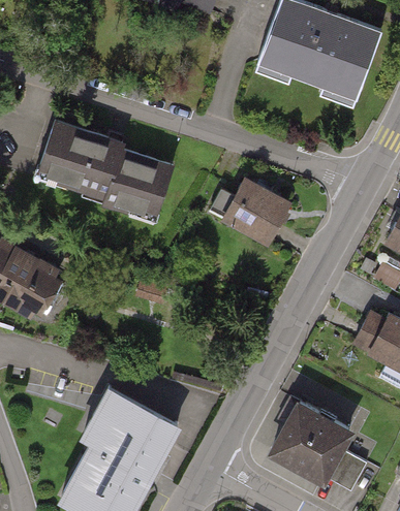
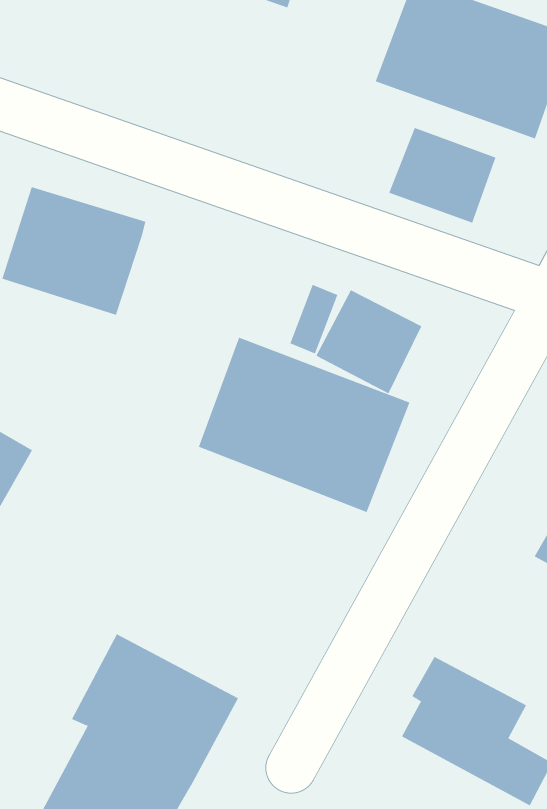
building: none -> [388,127,496,223]
building: [106,151,175,218] -> none
building: none -> [198,337,410,513]

